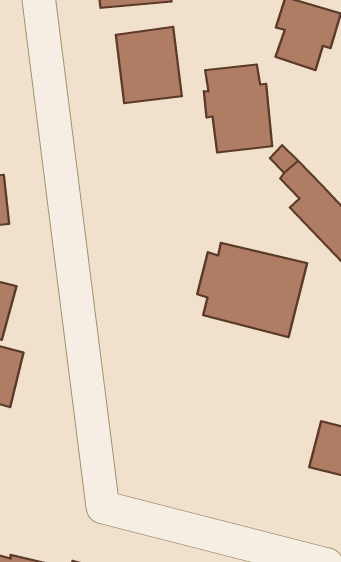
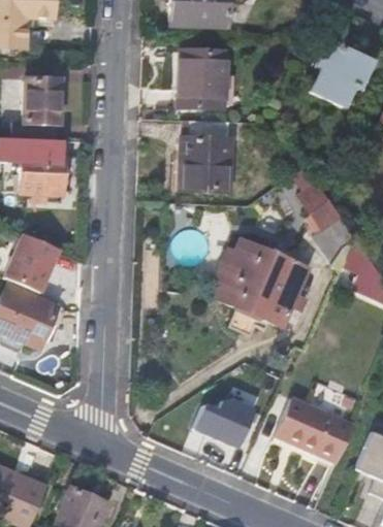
building: [204,64,272,153] -> [180,120,234,193]
building: none -> [194,394,258,448]

